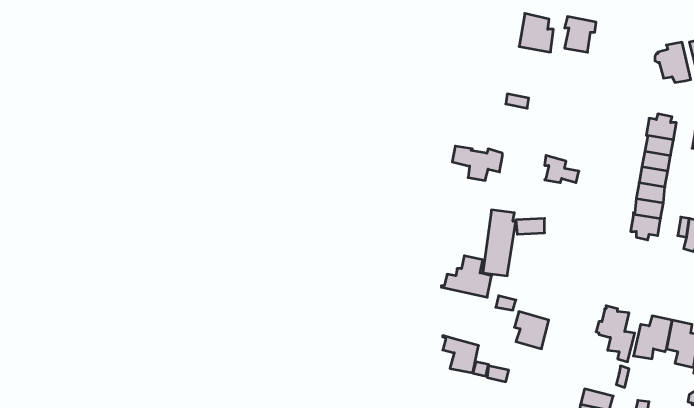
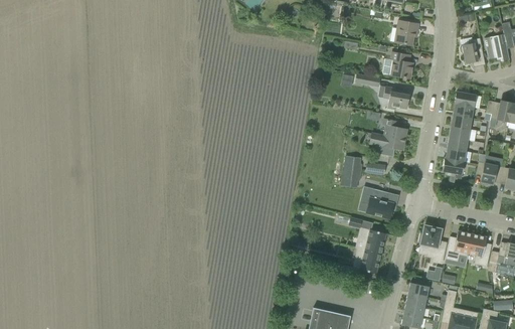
building: [519,13,553,52] -> [389,51,413,78]
building: none -> [379,86,410,109]
building: [452,146,502,180] -> [370,132,405,156]
building: [441,256,492,297] -> [358,189,393,218]
building: [443,336,479,373] -> [356,246,381,273]

